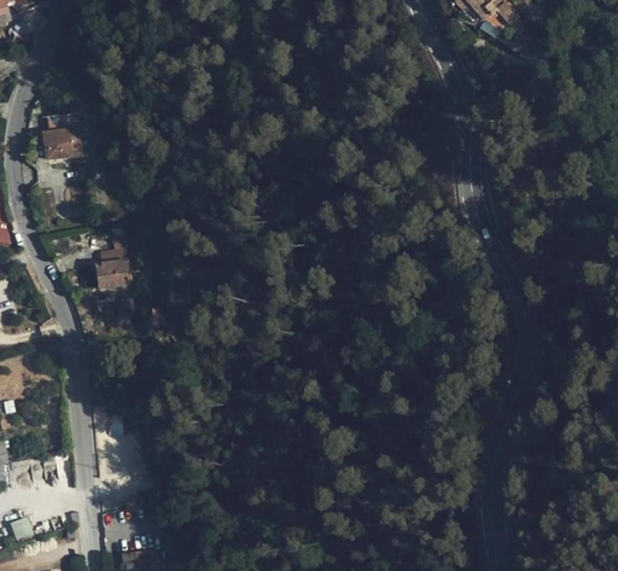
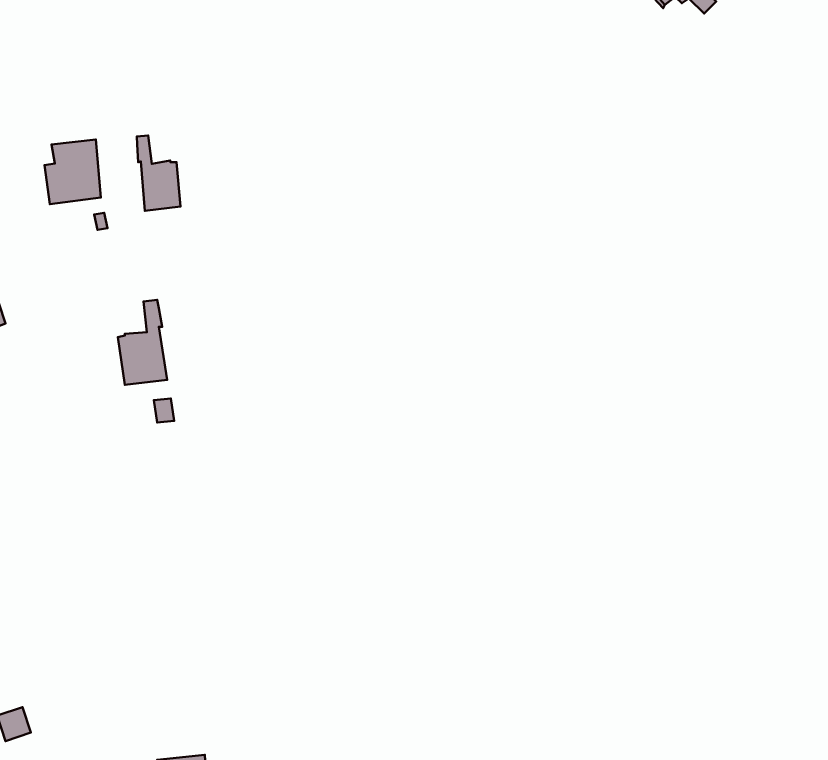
building: none -> [137,135,181,211]

